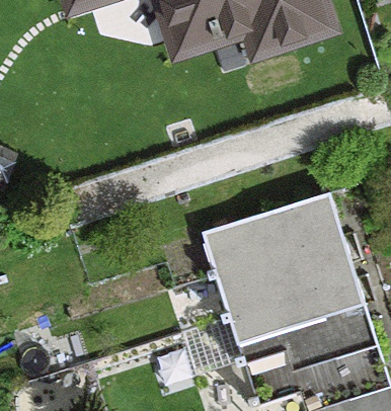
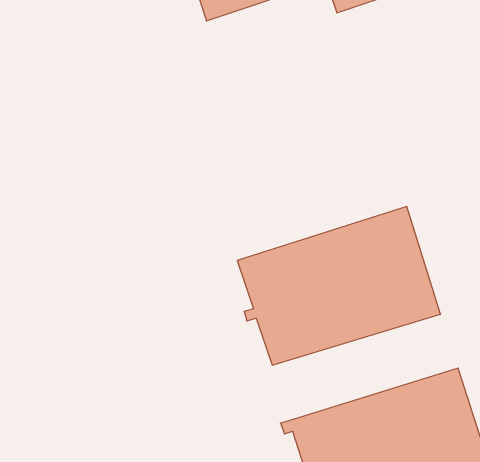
building: [220,273,367,353] -> none

